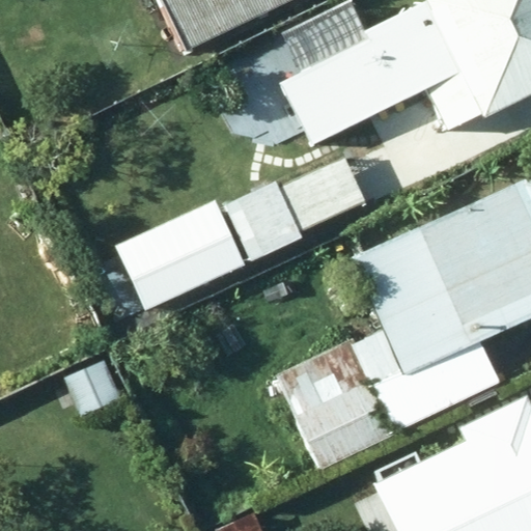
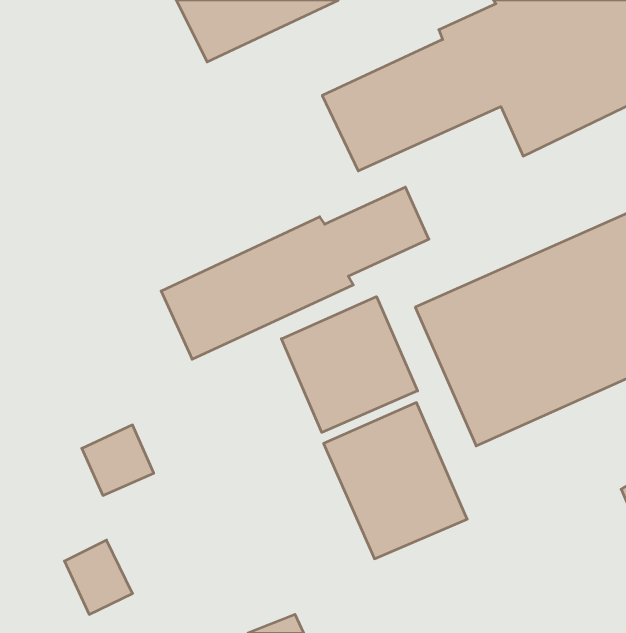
building: none -> [281,297,418,432]
building: [396,391,519,522] -> none

